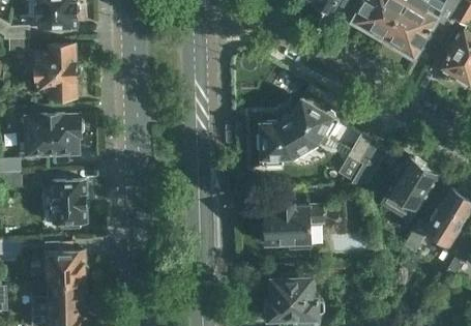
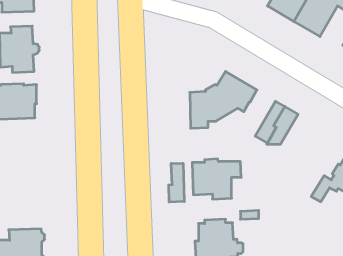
building: [384,158,437,223] -> none
building: [51,179,85,230] -> none
building: none -> [169,163,184,202]
building: [45,250,87,286] -> none

